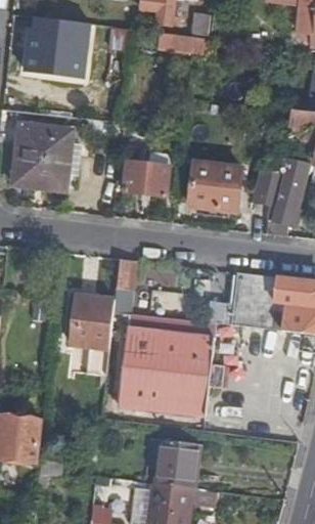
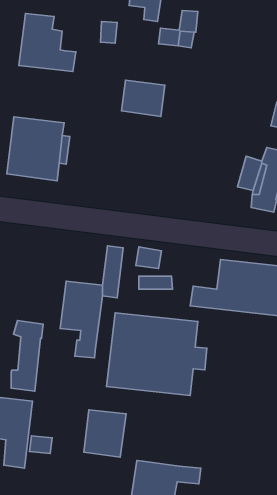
building: [123,160,168,198] -> [122,80,165,117]
building: [188,163,241,212] -> none
building: none -> [11,321,43,391]
building: [154,438,198,487] -> [84,410,126,457]

